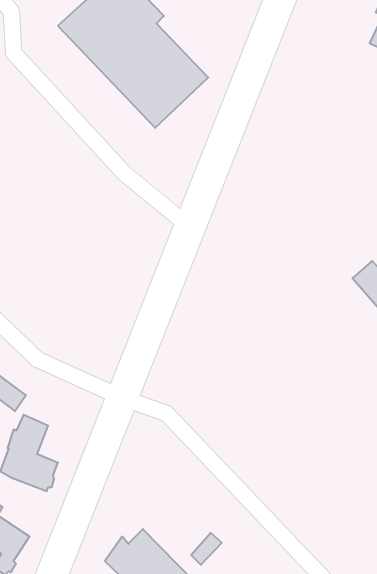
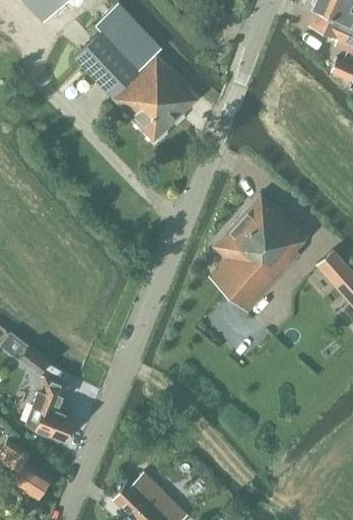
building: none -> [210,195,308,312]

